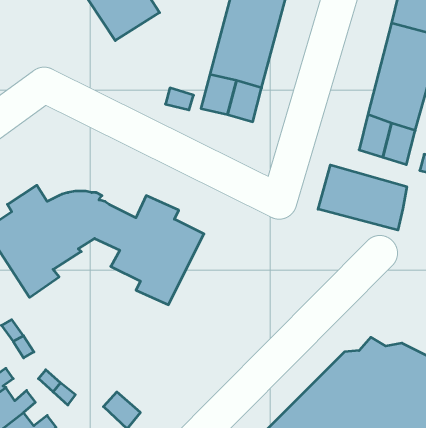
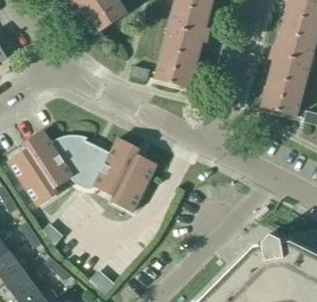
building: [318,165,407,230] -> none

